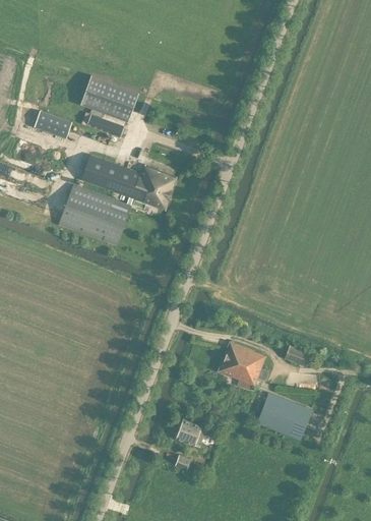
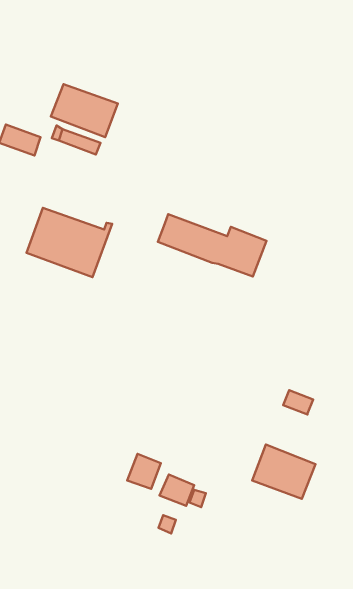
building: [80,154,176,209] -> [158,214,267,277]
building: [217,340,268,385] -> none
building: none -> [127,454,161,489]

